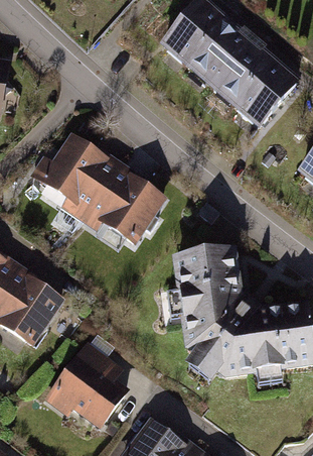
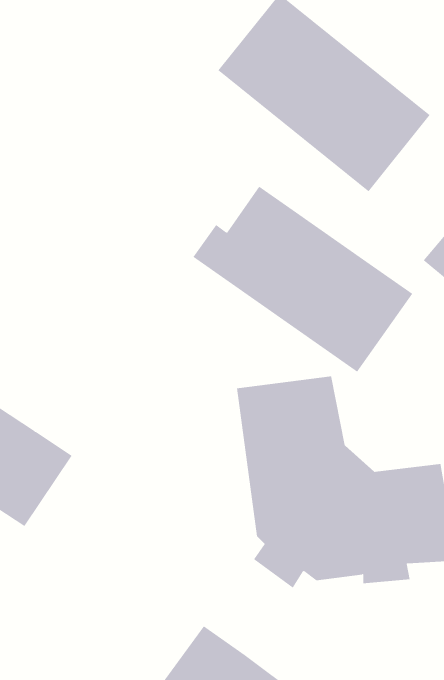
building: [27,128,171,250] -> [193,186,413,372]
building: [42,339,127,430] -> none

